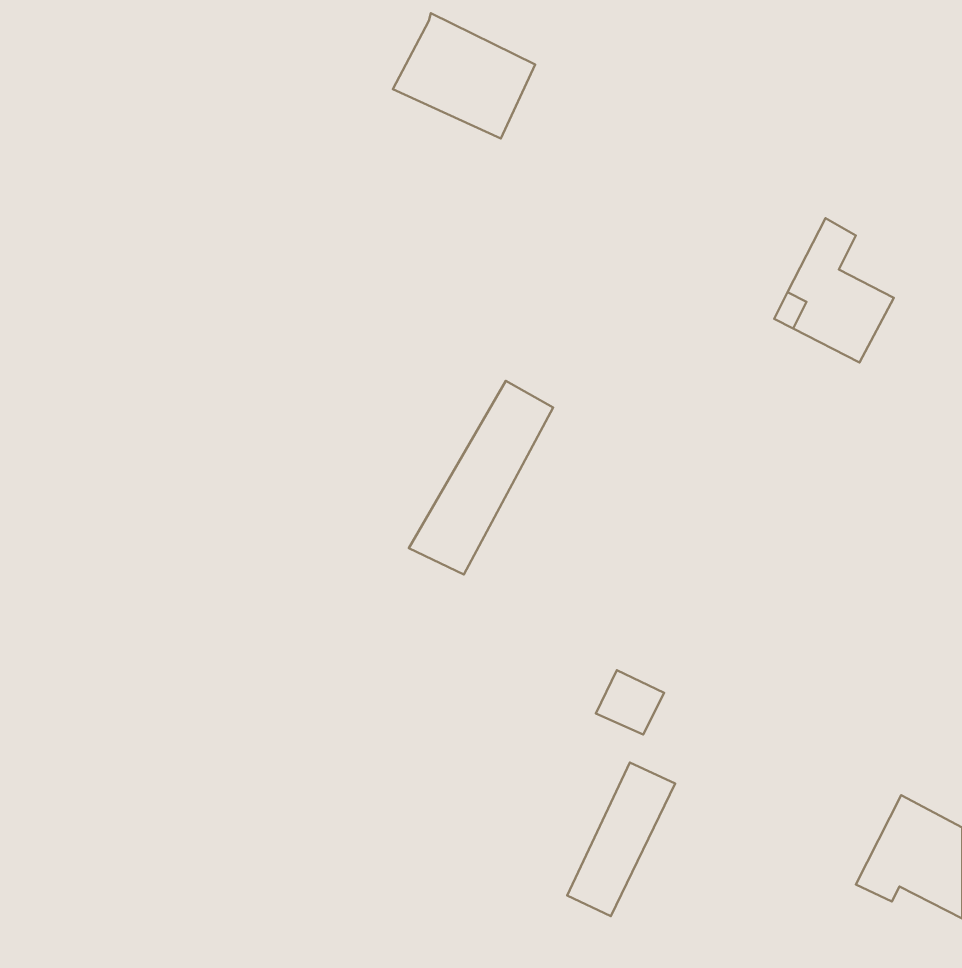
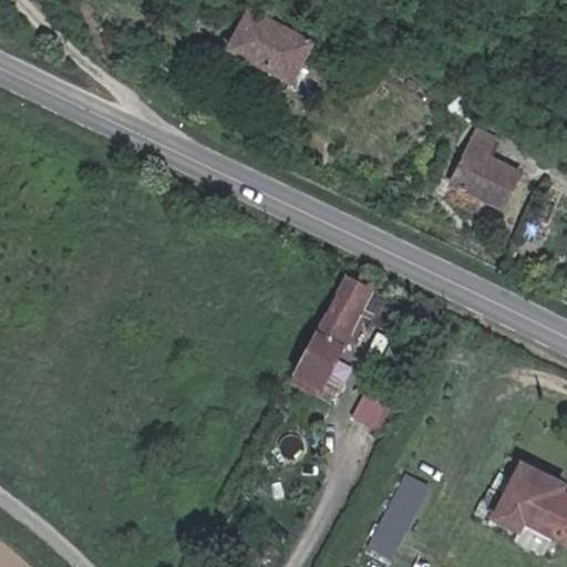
building: [409,381,553,575] -> [291,276,375,389]
building: [567,762,675,916] -> [363,471,426,560]

